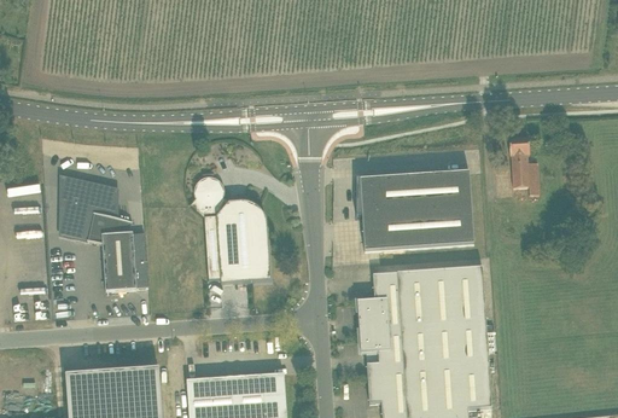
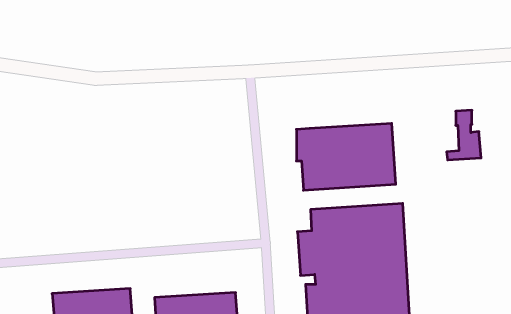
building: [499,135,540,195] -> [447,110,481,160]
building: [190,175,270,281] -> none
building: [59,176,136,290] -> none

